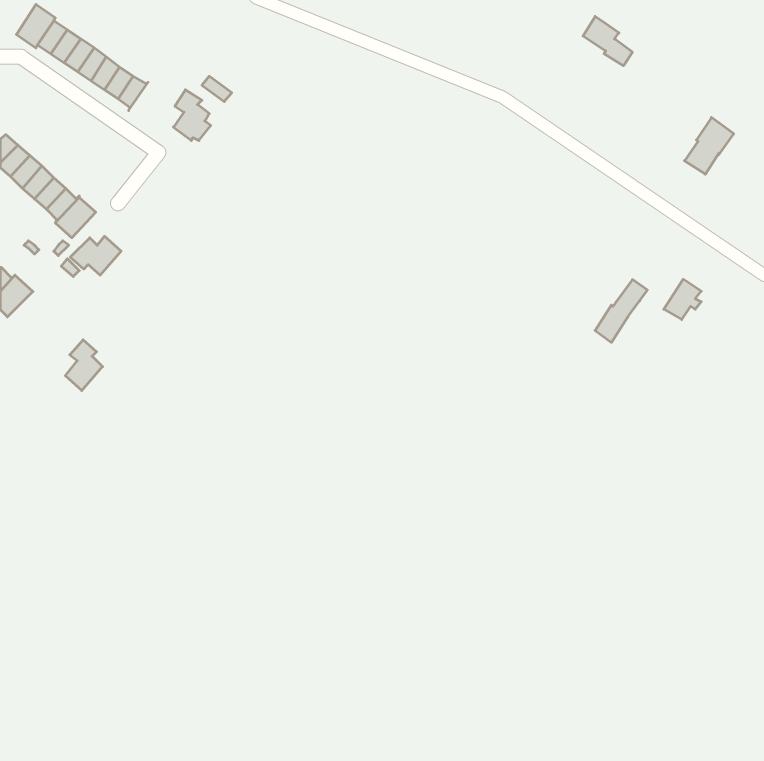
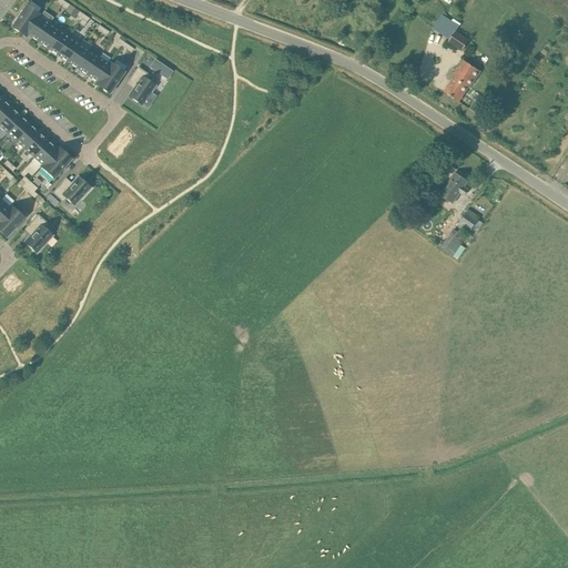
building: none -> [95,61,124,92]
building: [684,117,734,174] -> [444,58,480,100]
building: [664,279,701,320] -> [440,171,468,201]
building: [65,340,103,391] -> [24,214,52,252]

